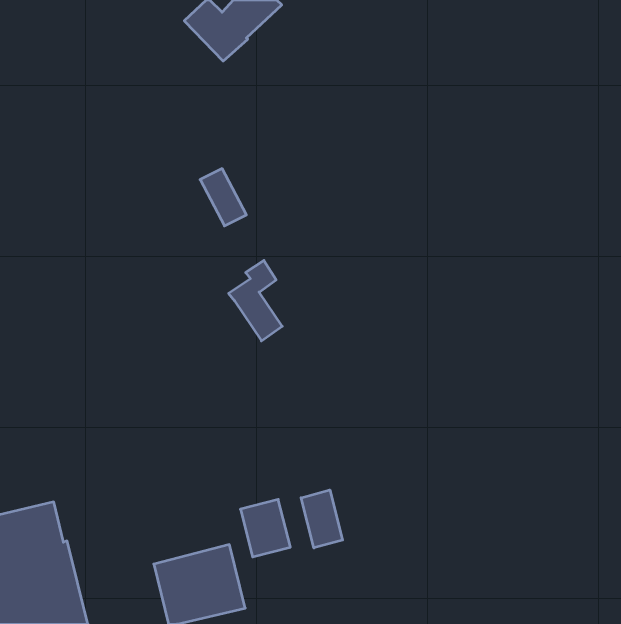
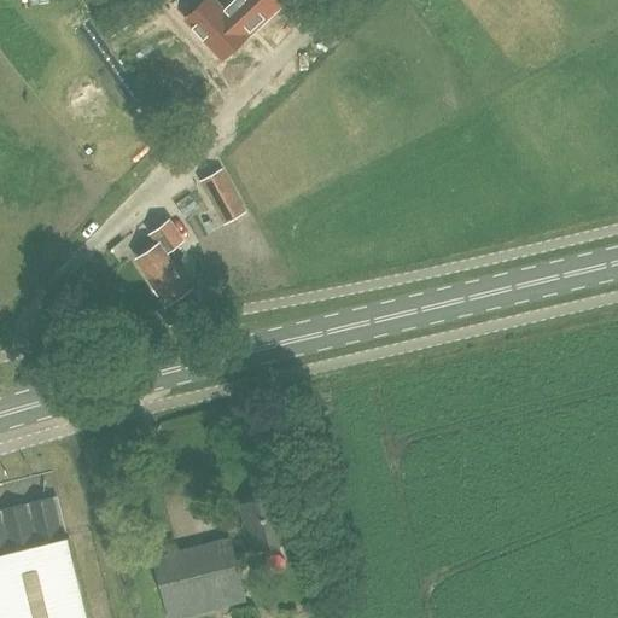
building: [229,260,282,341] -> [133,221,186,301]
building: [301,490,343,548] -> none

